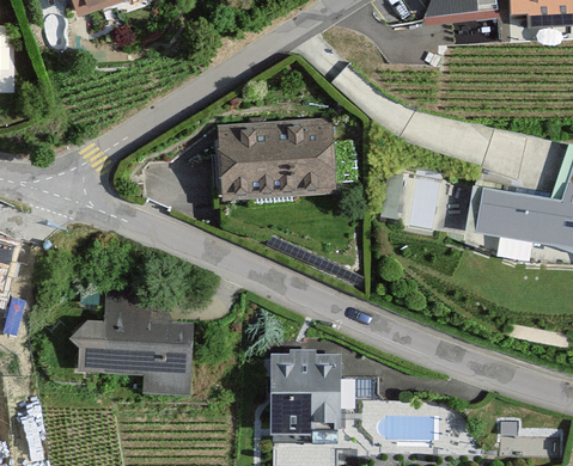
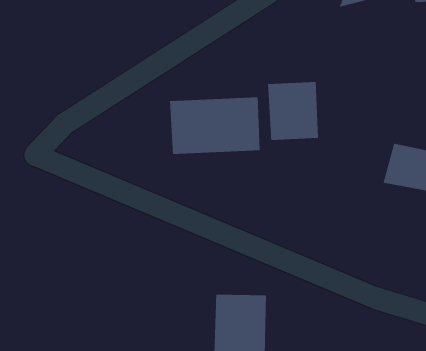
building: none -> [267,81,319,141]
building: [69,289,191,394] -> none

